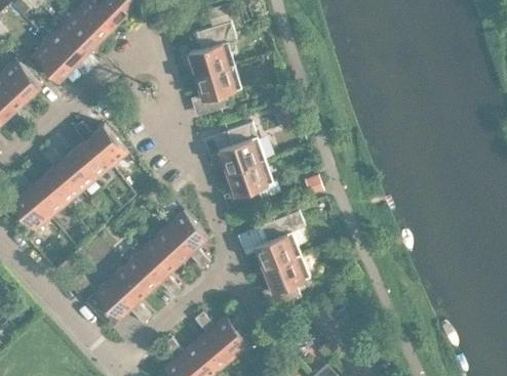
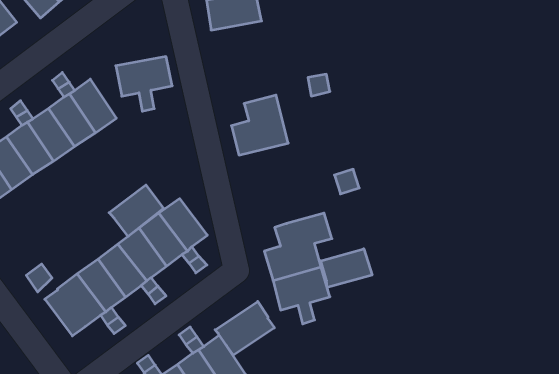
building: [193,66,239,111] -> [116,57,172,111]
building: [225,160,271,206] -> none
building: none -> [109,185,164,236]
building: none -> [321,249,372,288]
building: none -> [215,301,274,355]

